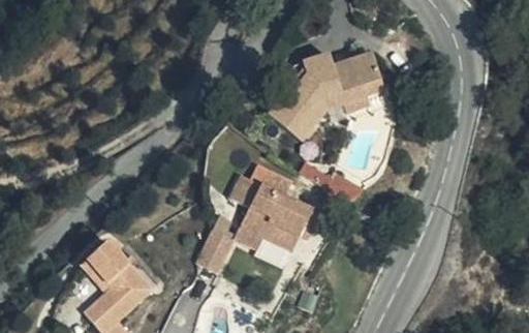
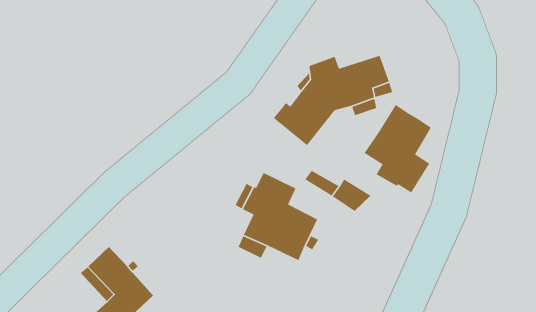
building: none -> [364,104,432,193]
building: [196,216,232,272] -> none

